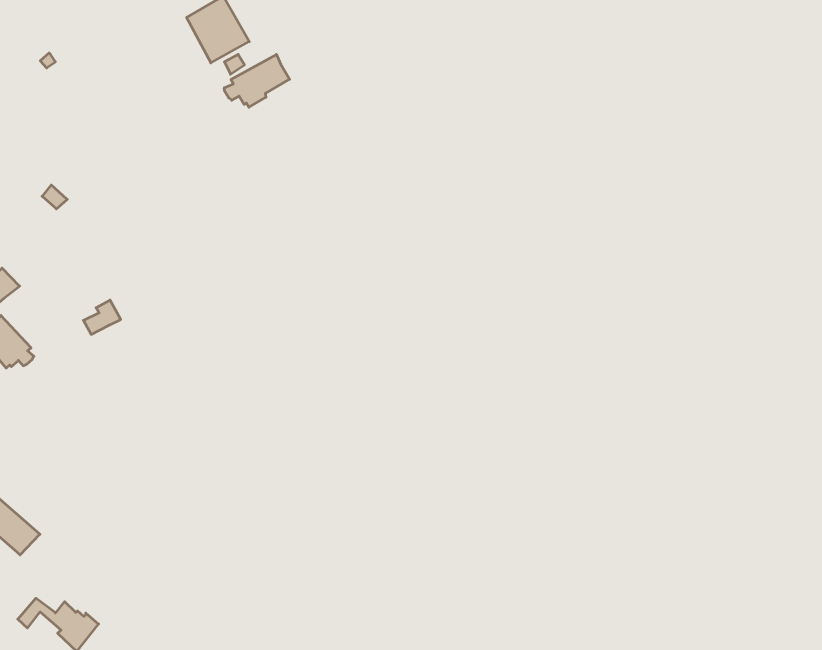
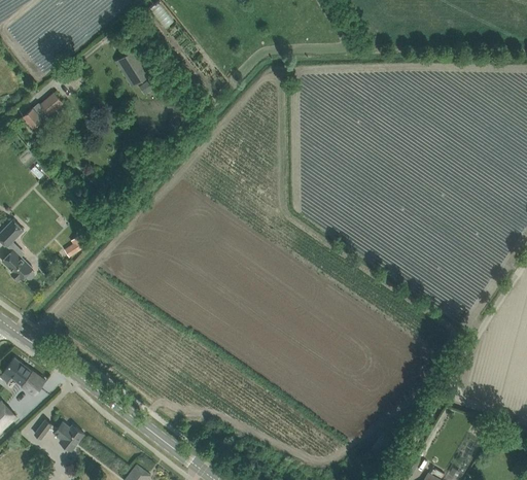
building: [224,54,290,107] -> none
building: none -> [23,94,62,128]

